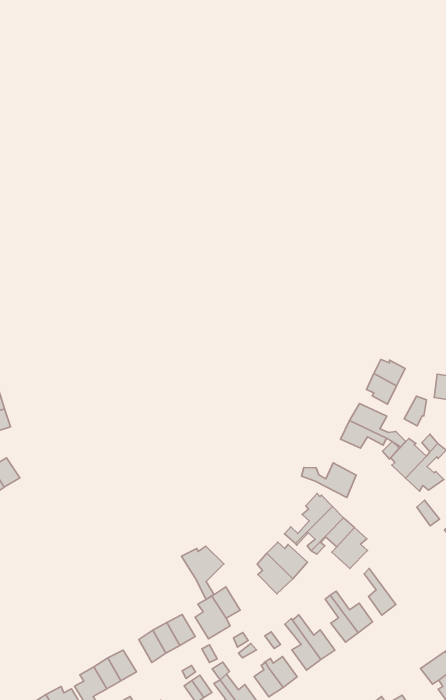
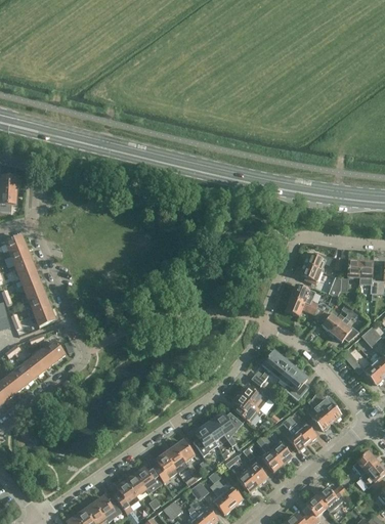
building: [302,463,356,498] -> none
building: [181,546,224,599] -> [213,410,243,447]
building: none -> [311,390,341,422]

